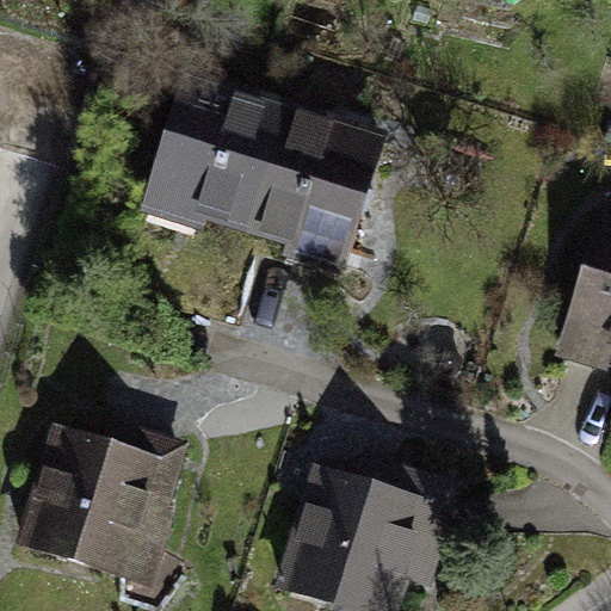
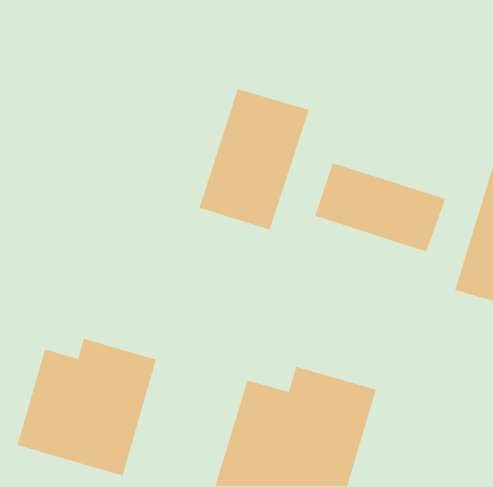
building: [124,69,295,257] -> none
building: none -> [314,162,446,252]

